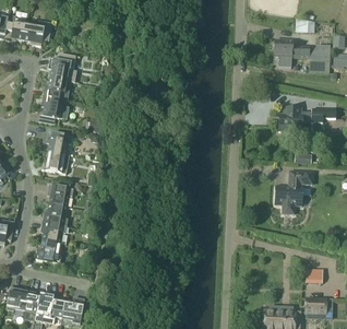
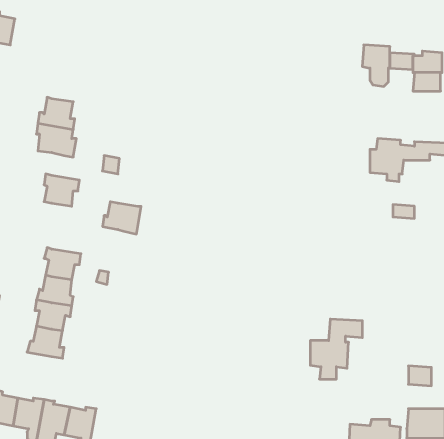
building: [23,20,53,46] -> none
building: [48,52,76,81] -> none
building: [41,151,69,174] -> [103,202,141,234]
building: [275,171,312,213] -> [310,319,362,379]

